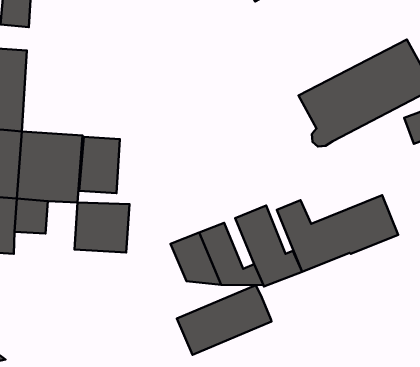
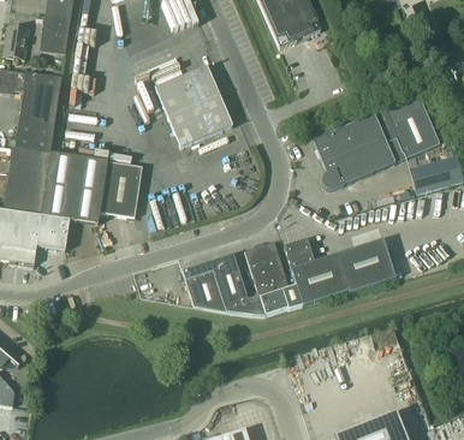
building: none -> [155,65,232,147]
building: [75,203,129,253] -> none
building: [177,285,271,355] -> none

